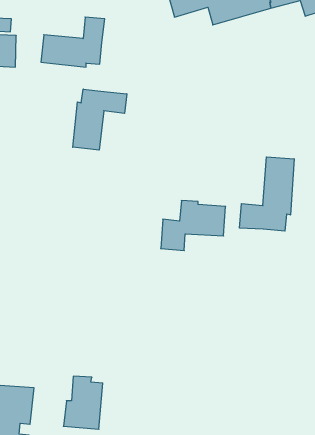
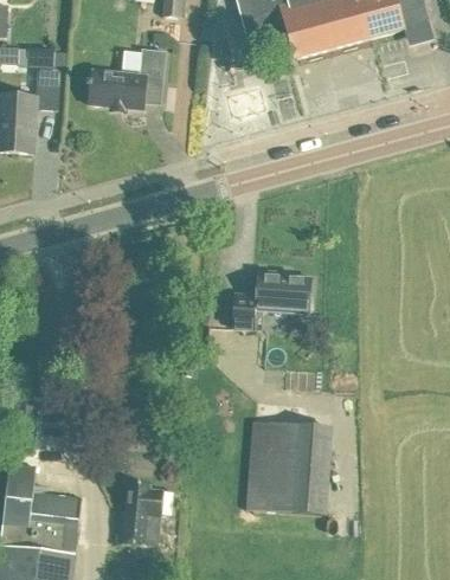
building: [73,89,127,150] -> none
building: [240,157,294,231] -> none
building: none -> [246,420,328,515]

